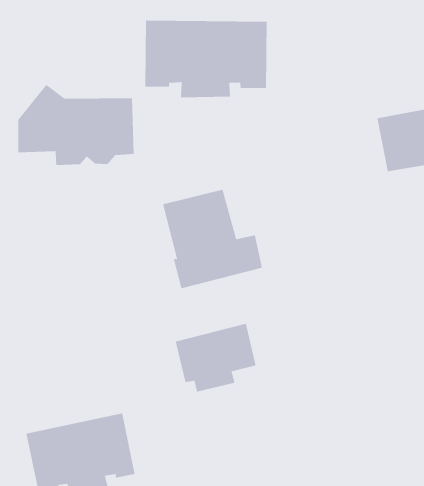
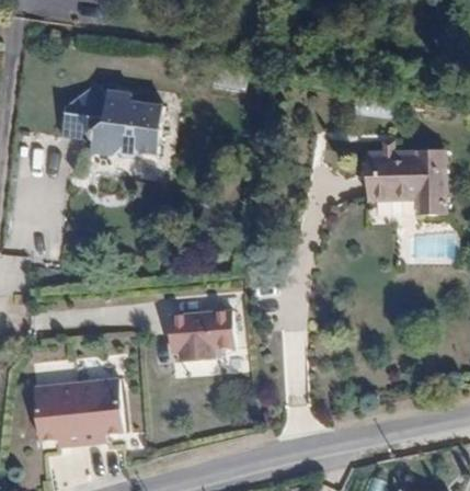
building: [145,20,268,98] -> none
building: [162,189,263,289] -> none

